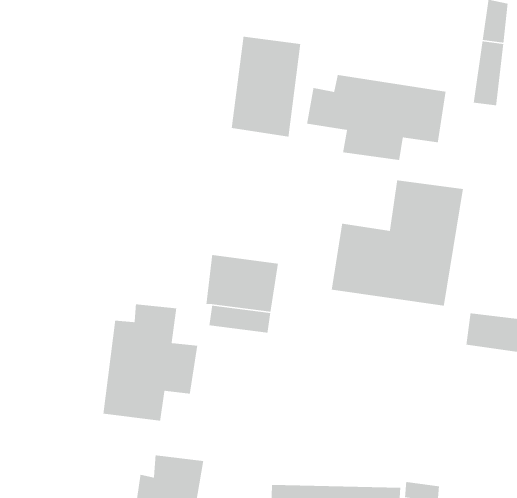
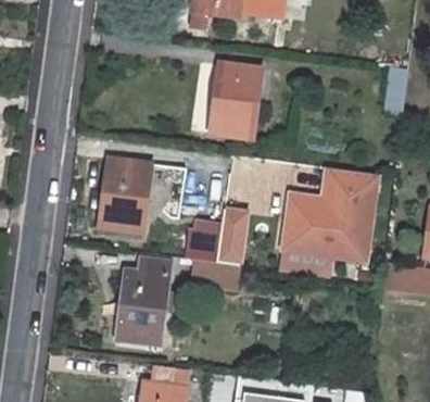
building: [306,74,446,161] -> none
building: none -> [99,161,151,234]

